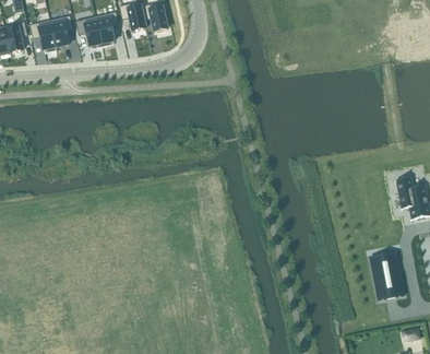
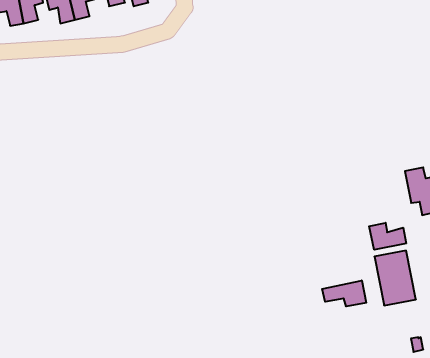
building: none -> [369,223,406,250]
building: none -> [322,280,366,306]

